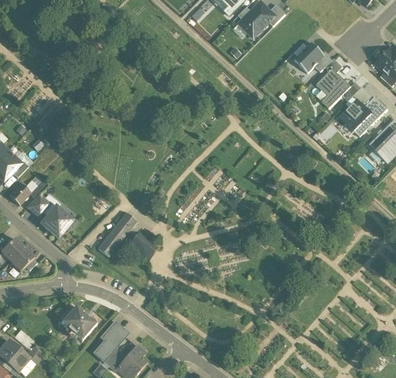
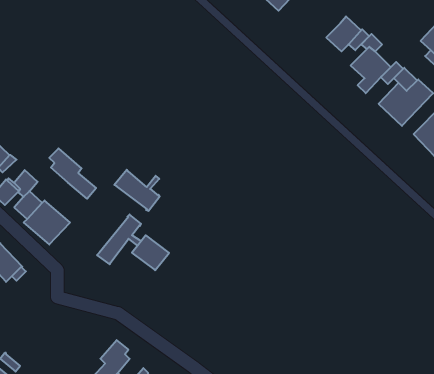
building: none -> [49,148,96,199]
building: none -> [114,170,160,211]
building: [61,306,95,340] -> none

